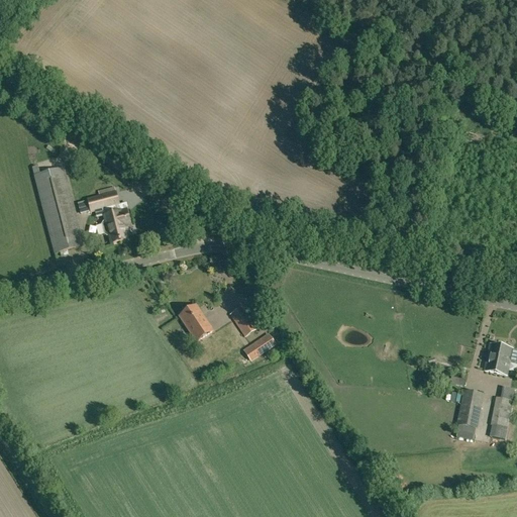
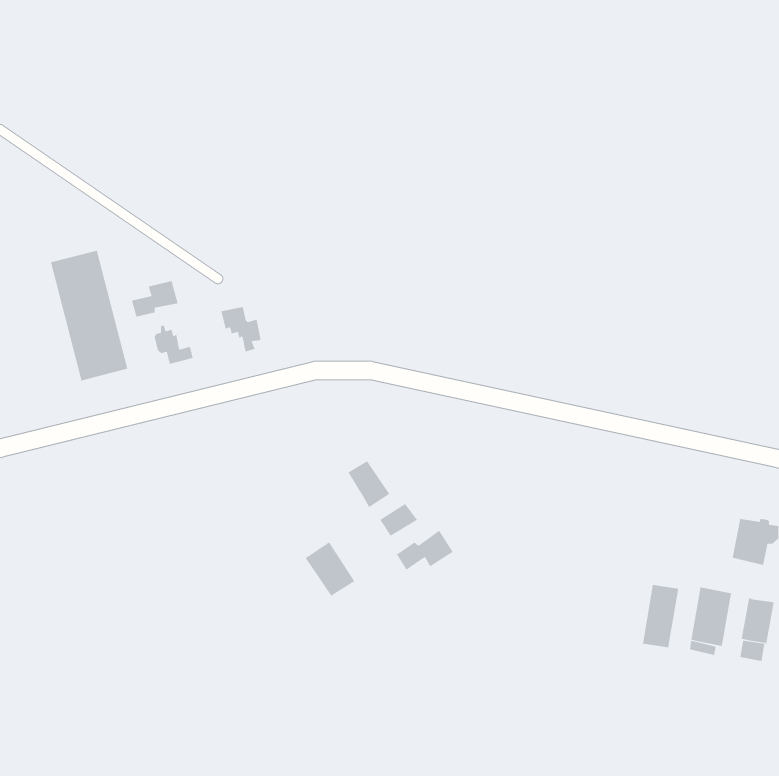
building: [103,201,130,231] -> [220,307,262,352]
building: [180,304,213,340] -> [305,542,355,596]
building: none -> [396,530,453,571]
building: none -> [642,584,679,648]

